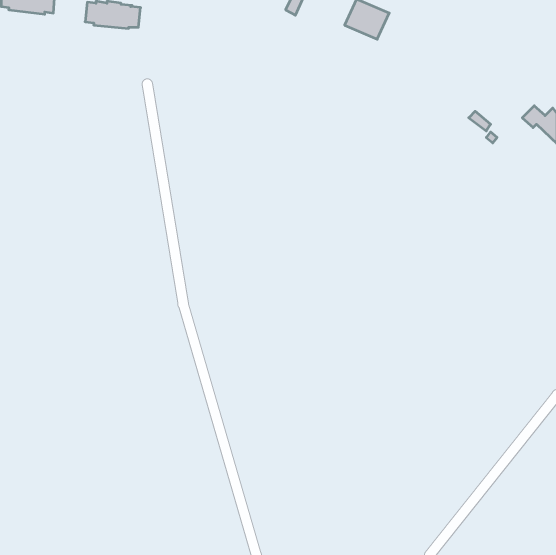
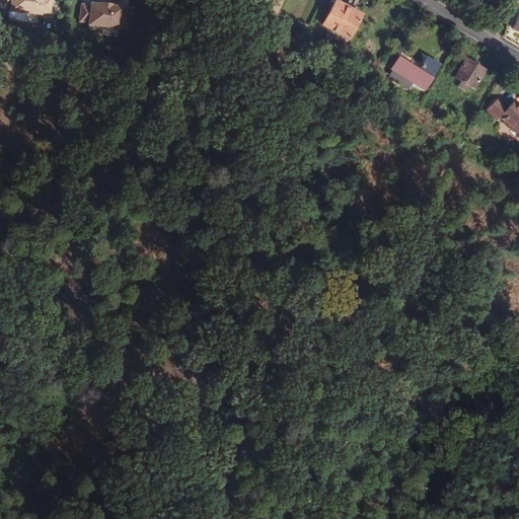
building: none -> [389,55,441,88]
building: none -> [455,57,486,89]

